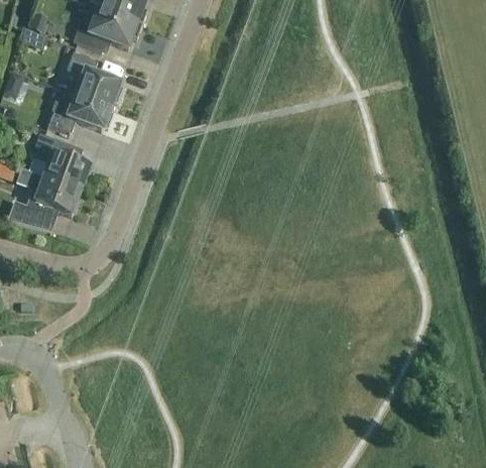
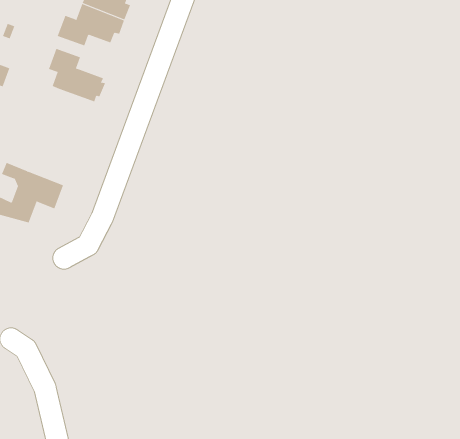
building: [48,93,113,132] -> none
building: [35,131,90,190] -> none

